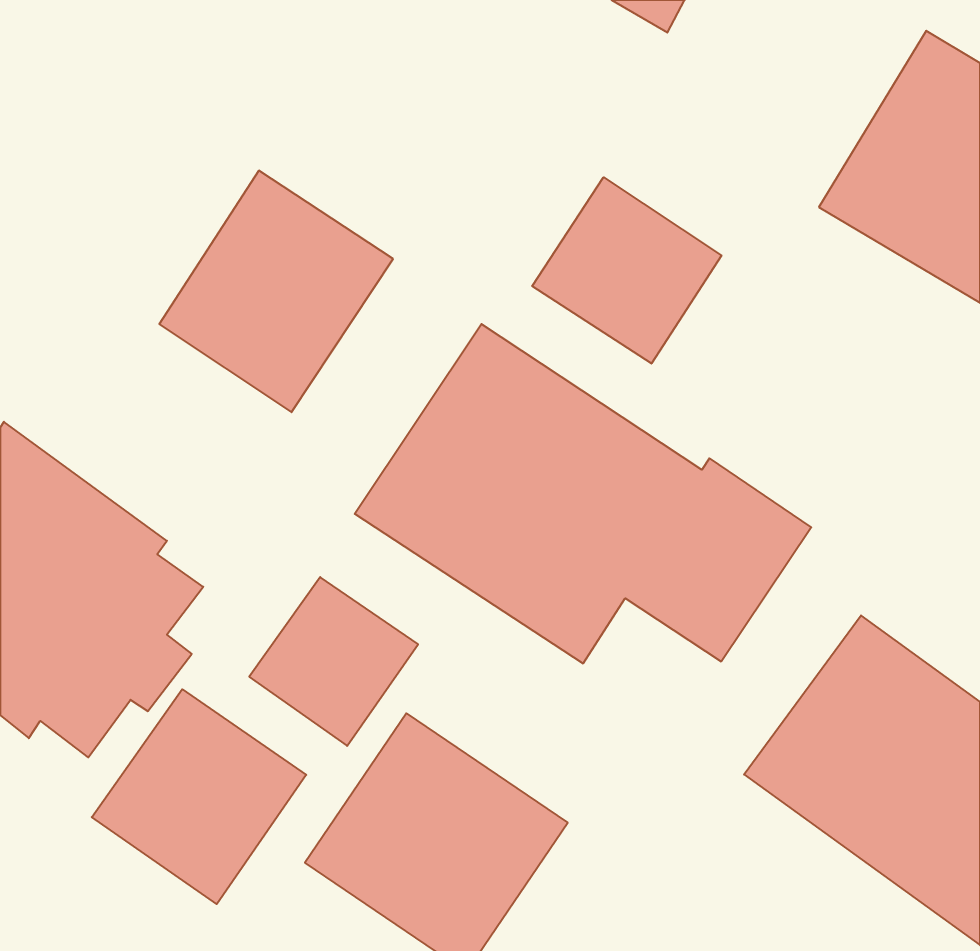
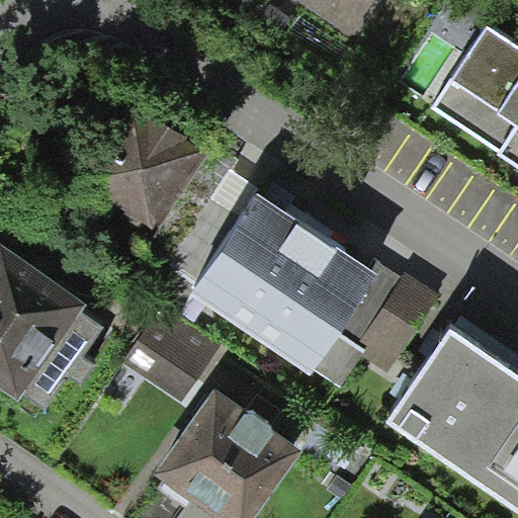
building: [532,177,721,364] -> none
building: [92,689,306,904] -> none

